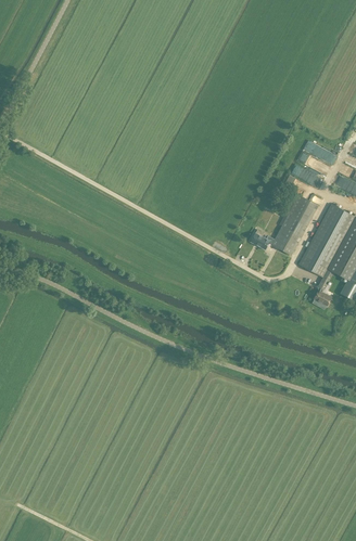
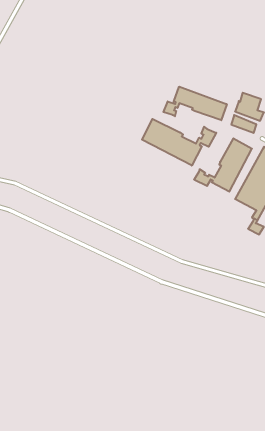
building: none -> [163,87,227,120]
building: none -> [142,119,216,166]

